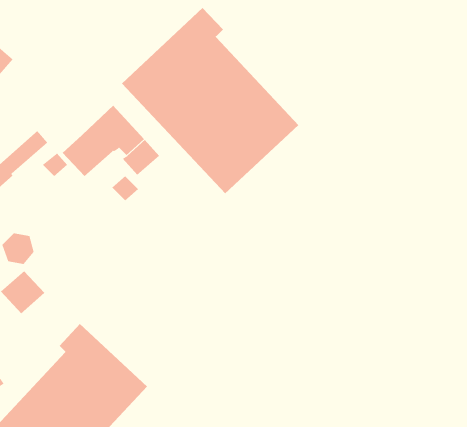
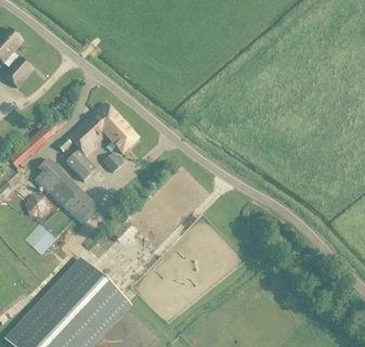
building: [121,7,299,194] -> none
building: none -> [66,150,96,180]
building: none -> [35,158,100,224]

